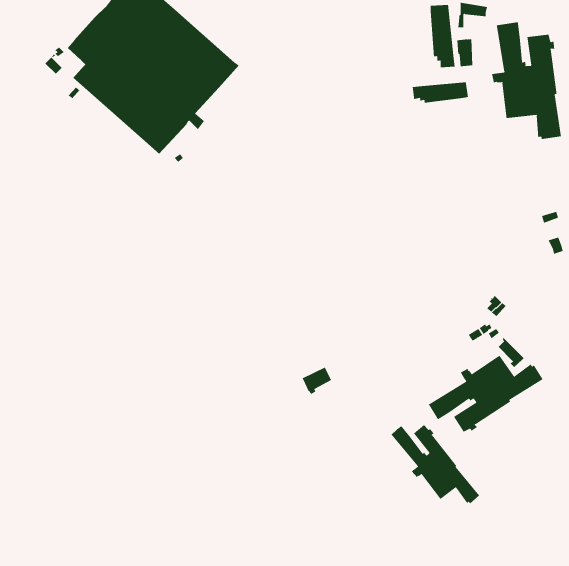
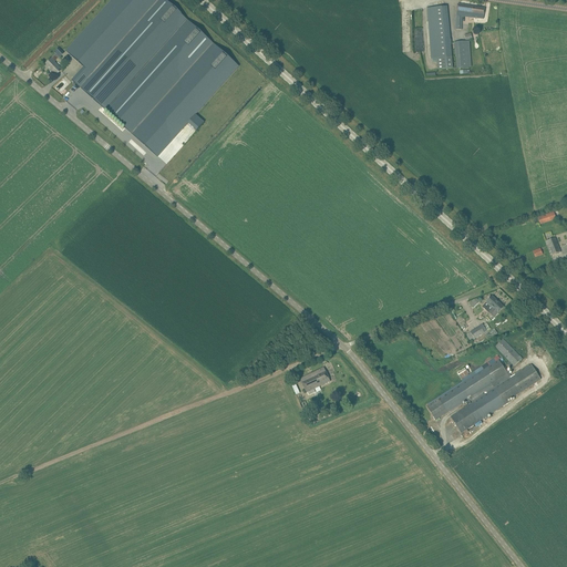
building: [492,22,562,140] -> none
building: [412,81,468,103] -> none
building: [391,424,480,504] -> none

